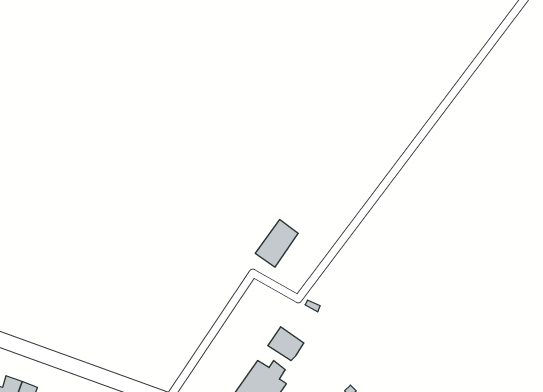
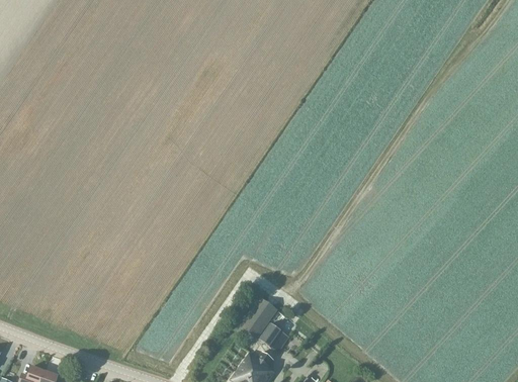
building: [255,220,298,267] -> [241,297,278,339]

